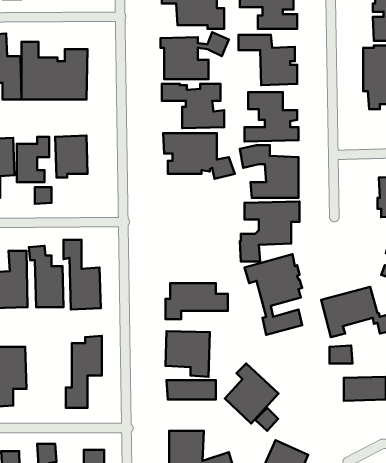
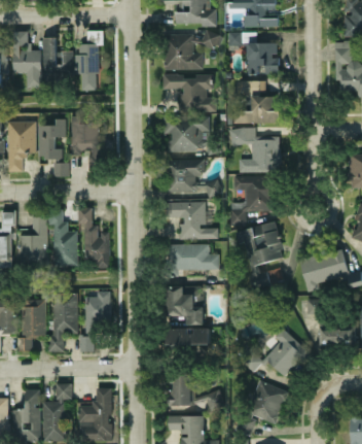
building: none -> [165,159,223,199]
building: none -> [165,202,219,240]
building: none -> [51,294,78,352]
building: [225,364,279,424] -> [264,329,311,380]

